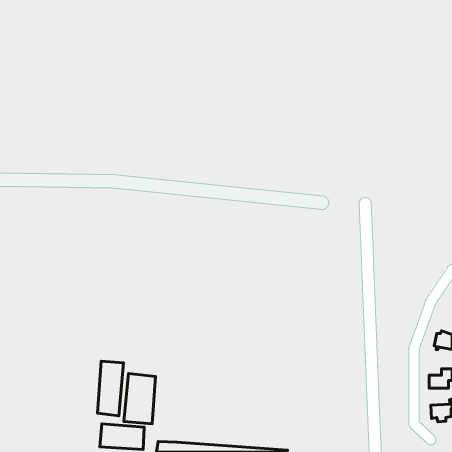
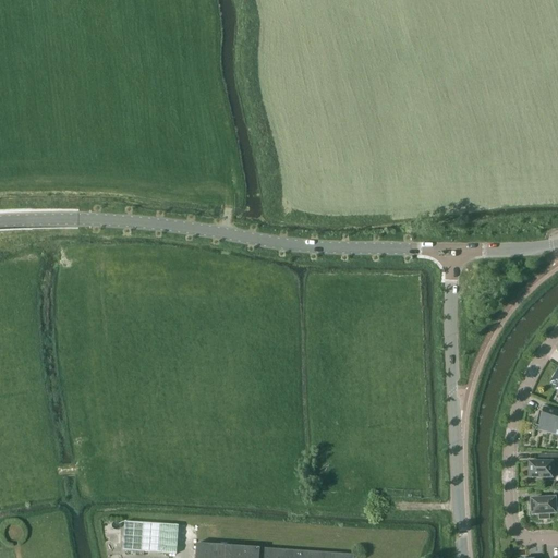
building: [97,361,124,416] -> none
building: [124,373,156,424] -> none

